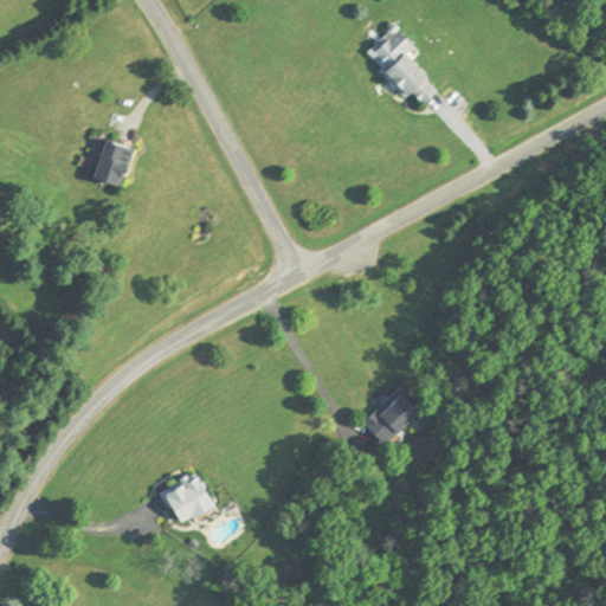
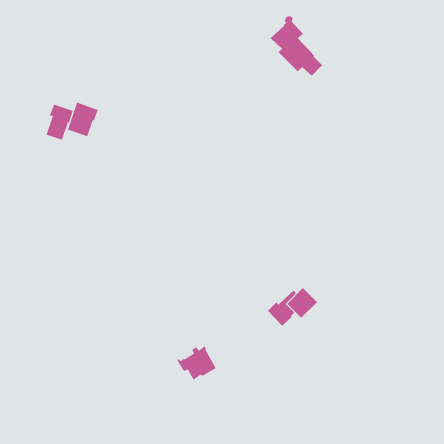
building: none -> [46,104,73,141]
building: [159,473,213,521] -> [177,346,217,380]

